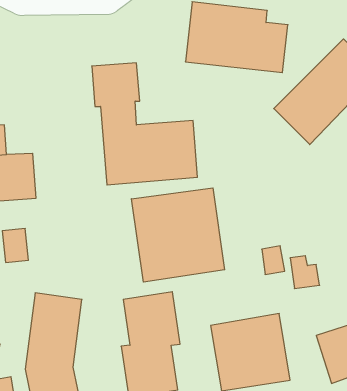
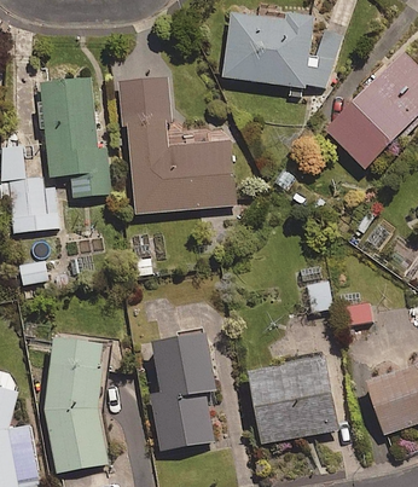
building: none -> [40,79,110,197]
building: [131,188,225,282] -> none

